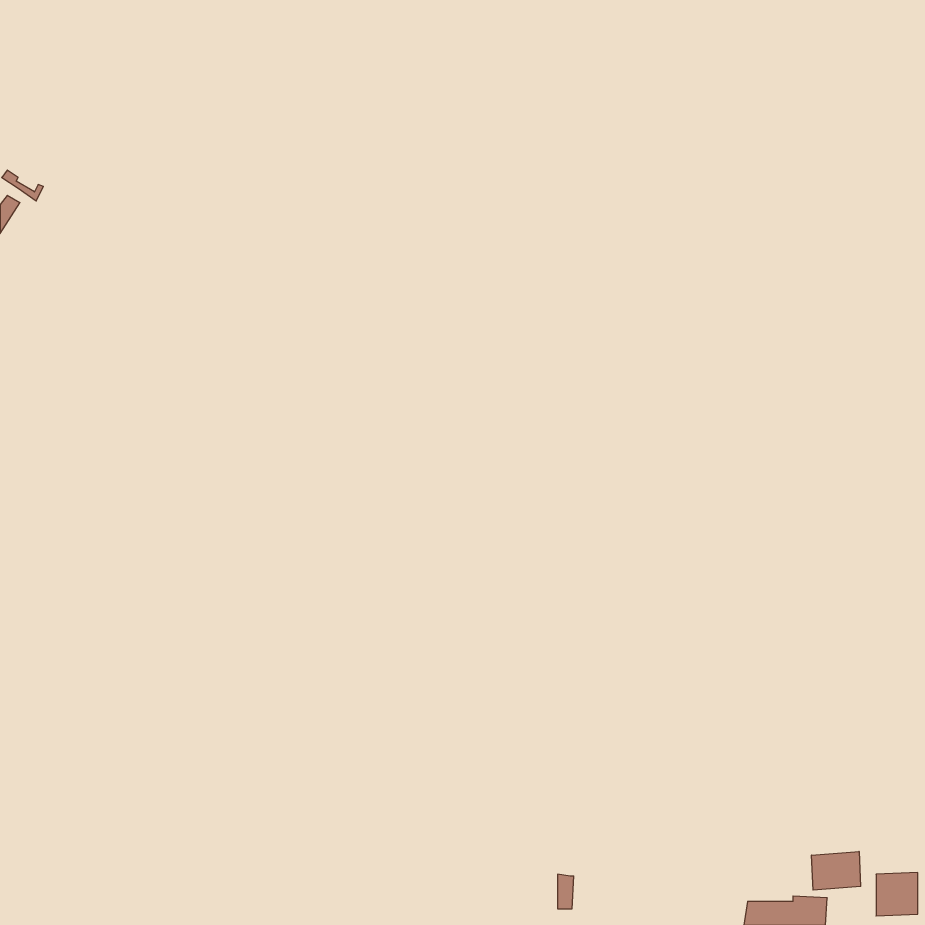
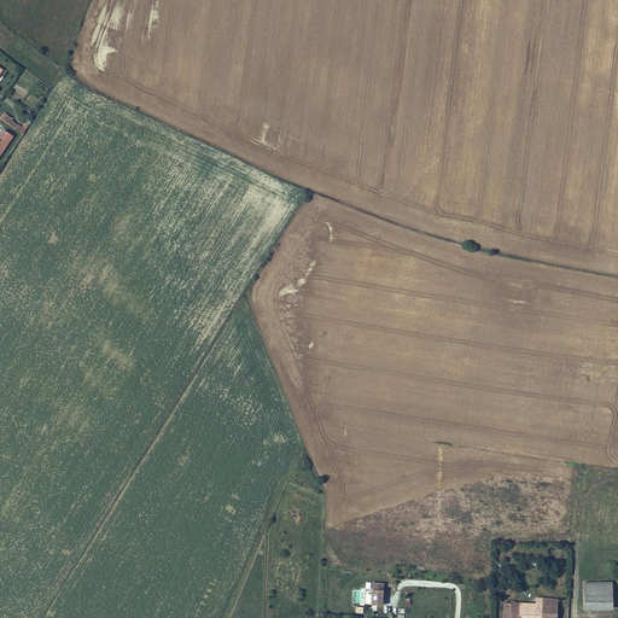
building: [812,851,861,890] -> none

